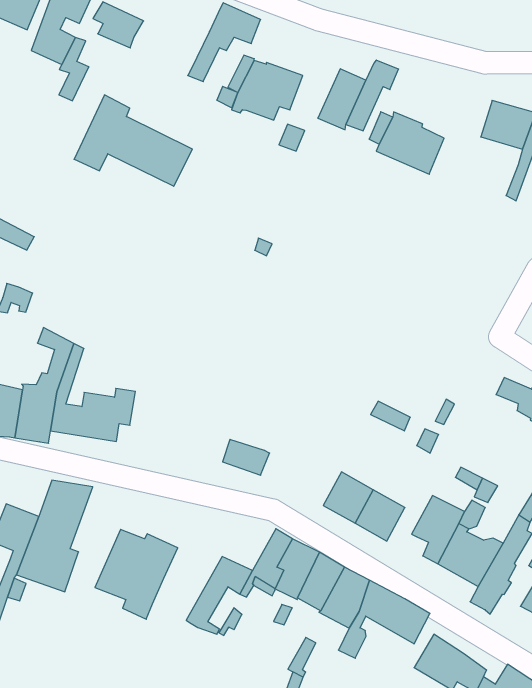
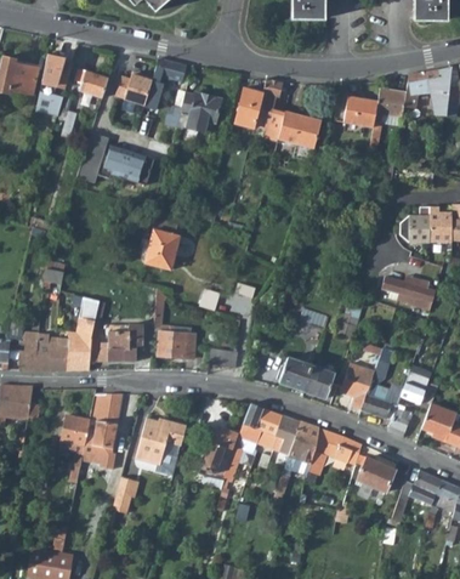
building: none -> [115,74,153,106]
building: none -> [147,218,180,268]
building: none -> [153,286,195,357]
building: none -> [113,477,140,515]

